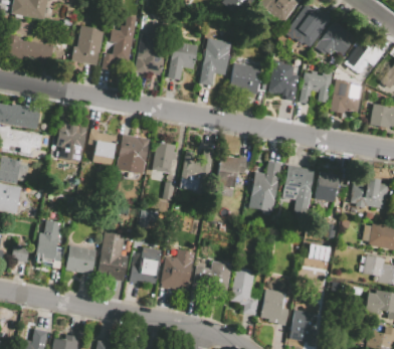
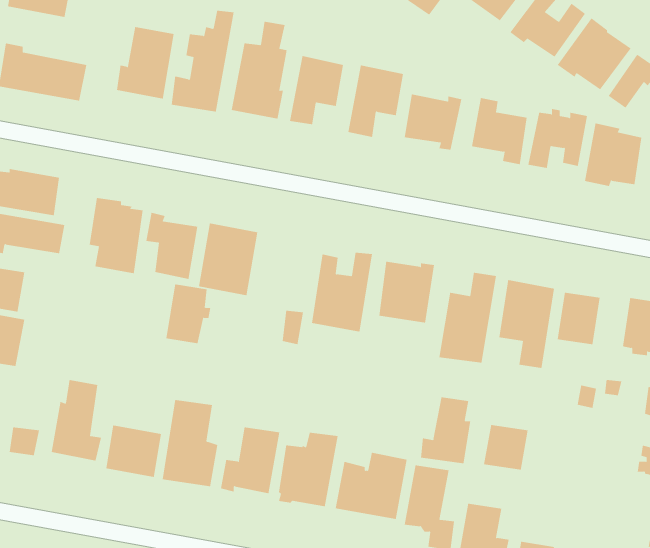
building: [152,141,177,174] -> [166,284,211,344]
building: none -> [421,396,471,464]
building: [305,243,330,269] -> [483,425,529,470]

